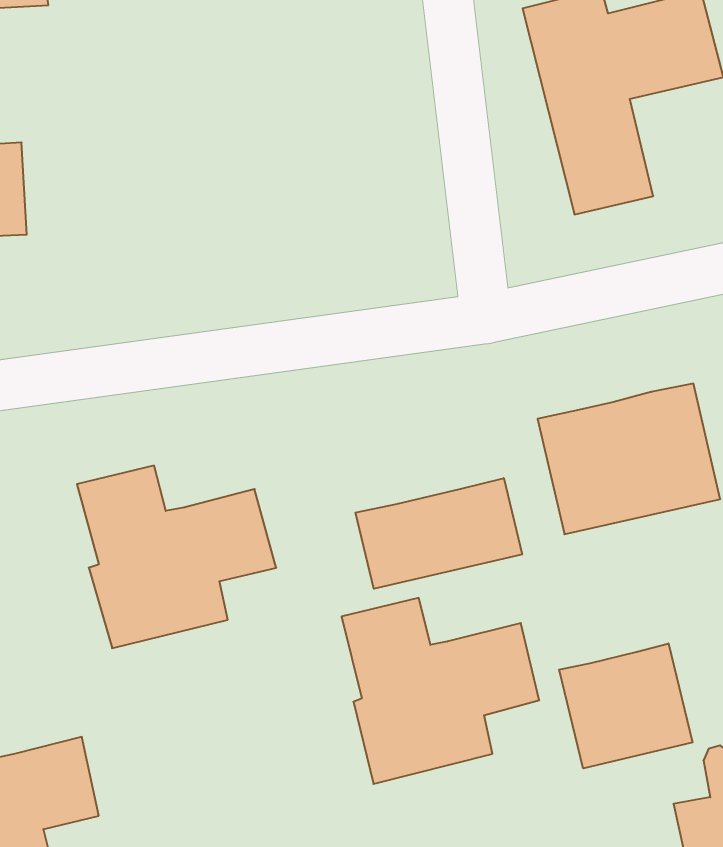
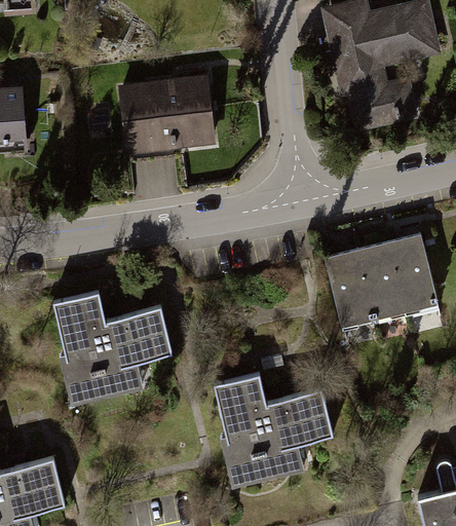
building: none -> [121,77,222,155]
building: [355,478,522,589] -> none
building: [559,643,693,768] -> none

